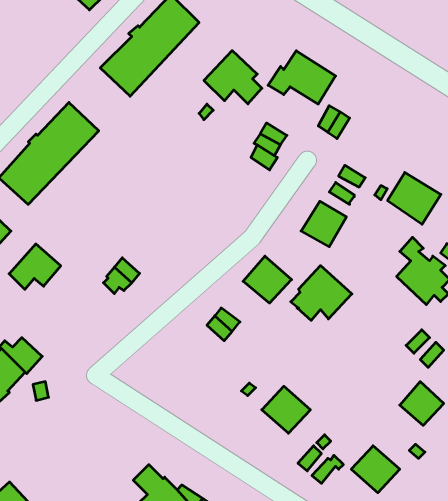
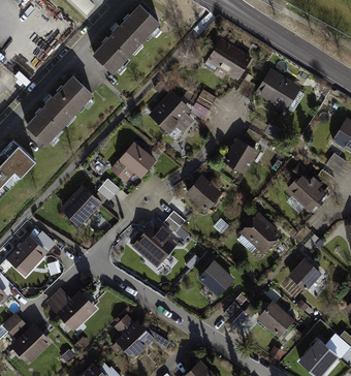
building: [204,51,262,104] -> [152,95,190,130]
building: [388,172,441,224] -> [260,73,295,107]
building: none -> [110,146,153,182]
building: [9,244,61,289] -> [63,189,97,219]
building: [291,266,352,320] -> [237,216,278,252]
building: none -> [134,226,173,267]
building: none -> [49,290,97,328]

